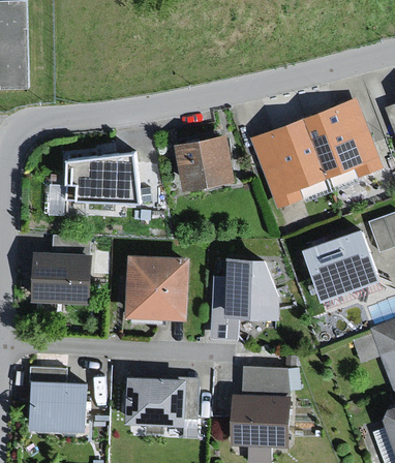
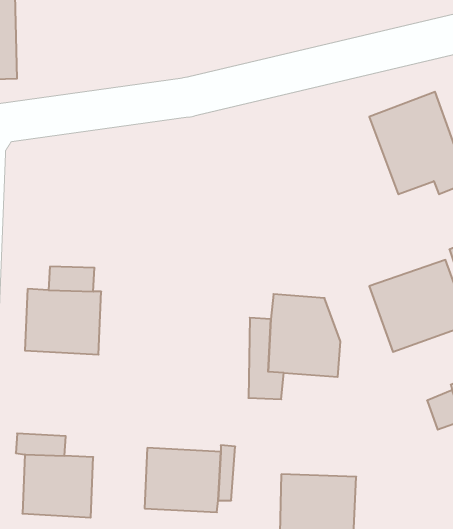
building: [248,118,326,210] -> none
building: [173,135,233,192] -> none
building: [64,153,143,205] -> none
building: [125,256,189,320] -> none
building: [239,366,299,393] -> none

